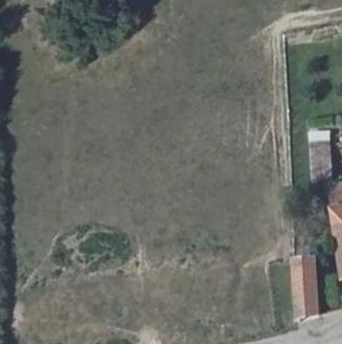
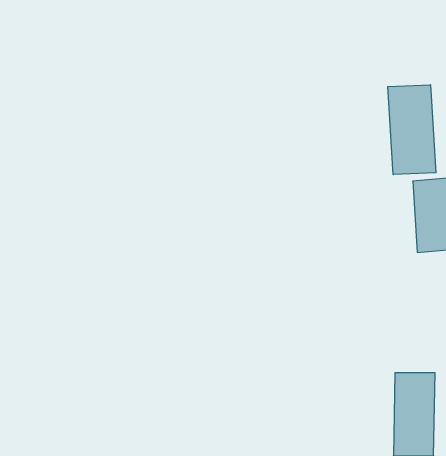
building: none -> [388,85,436,175]

